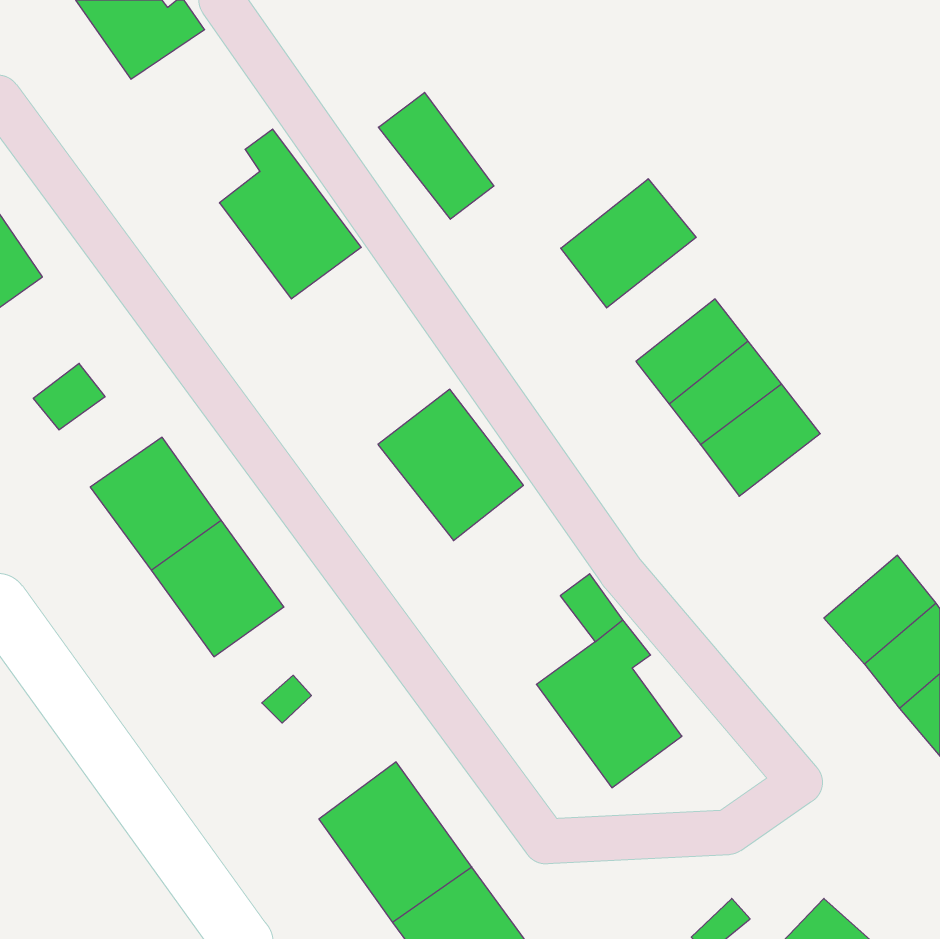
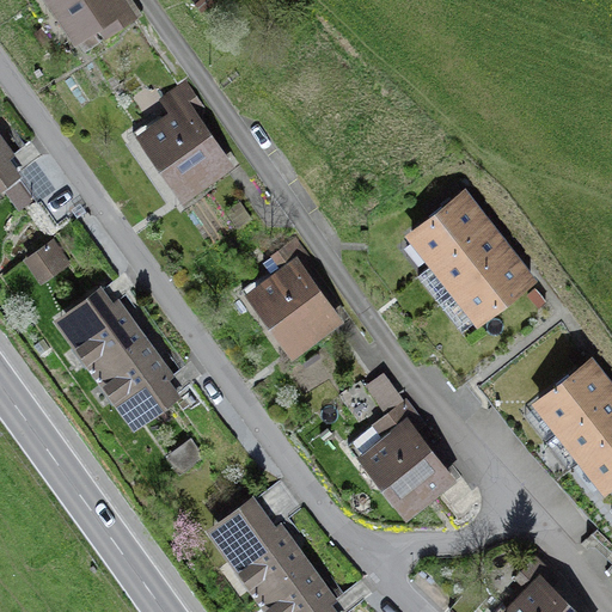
building: [378,92,494,219] -> none
building: [561,179,696,308] -> none

